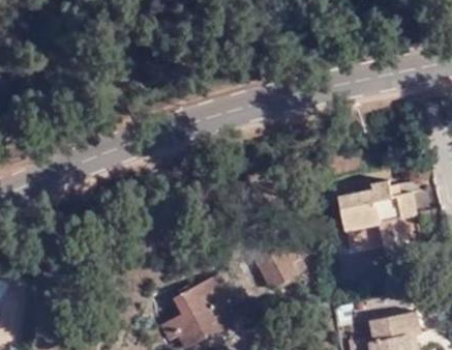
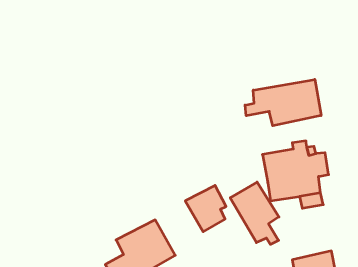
building: none -> [245,79,321,126]
building: none -> [230,182,279,244]

